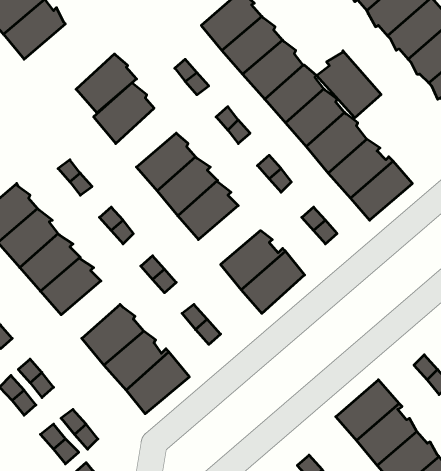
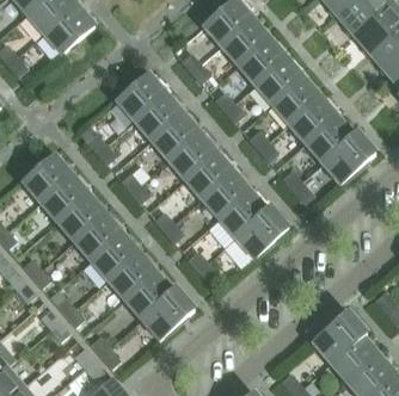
building: [316,51,381,118] -> none
building: [76,54,137,113] -> [134,92,183,140]
building: none -> [201,171,251,218]
building: none -> [90,231,137,278]

